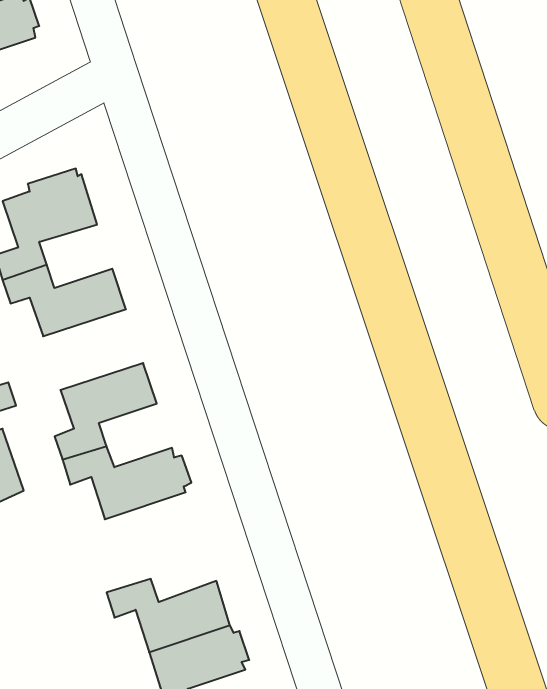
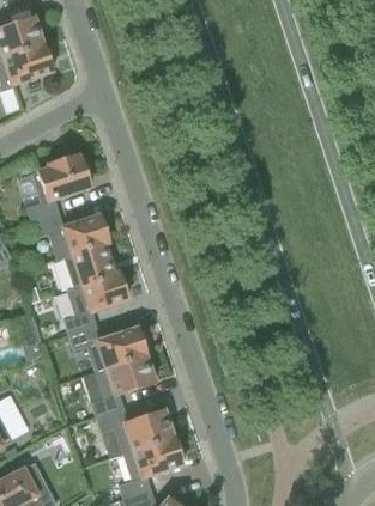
building: none -> [56,239,119,289]
building: none -> [91,353,155,415]

